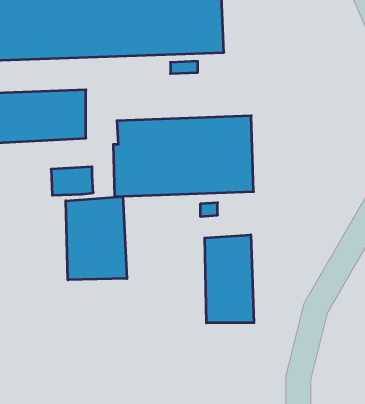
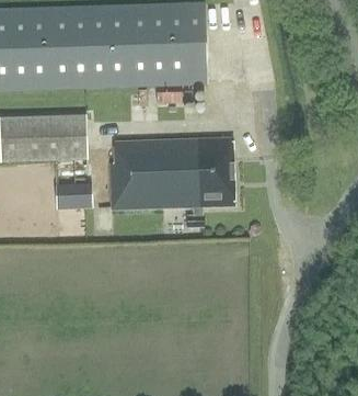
building: [66,196,127,280] -> none
building: [205,235,254,323] -> none

